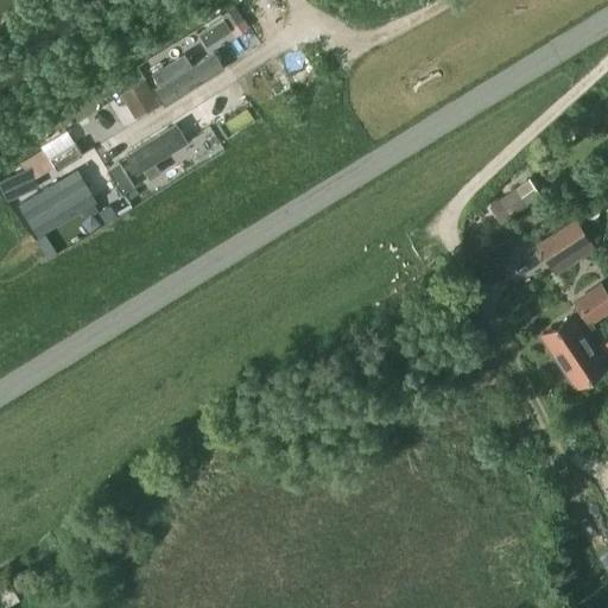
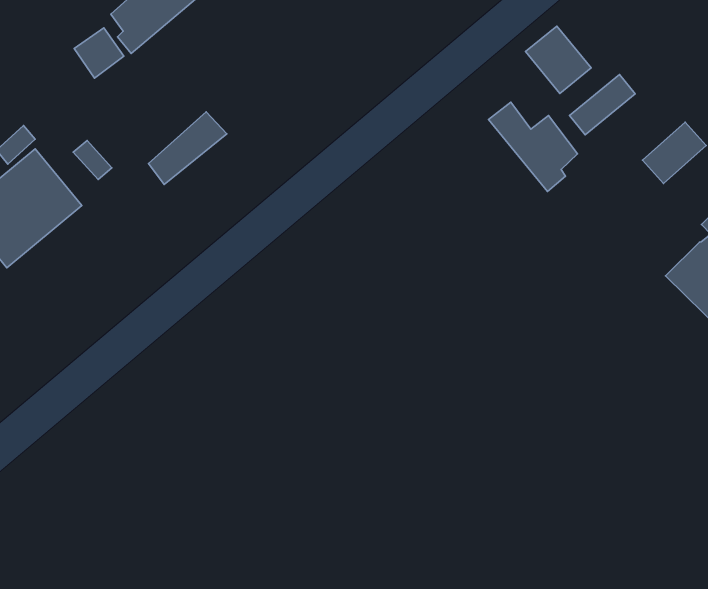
building: [126,125,189,175] -> [148,112,227,185]
building: none -> [526,26,591,93]
building: none -> [489,102,578,191]

